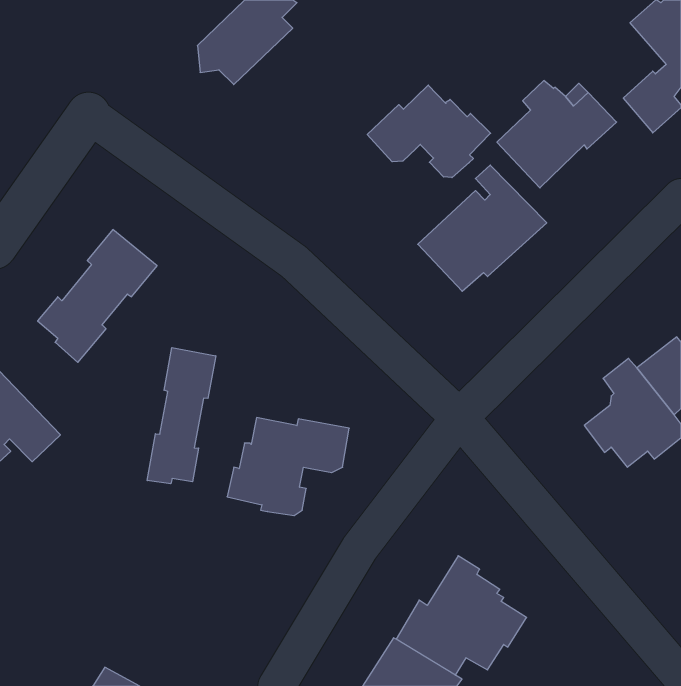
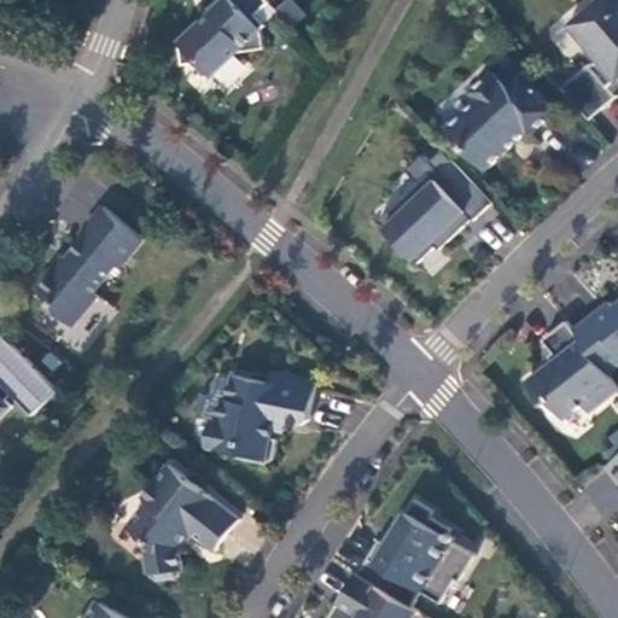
building: [367,85,491,178] -> none
building: [147,348,216,484] -> none
building: none -> [126,464,238,579]

